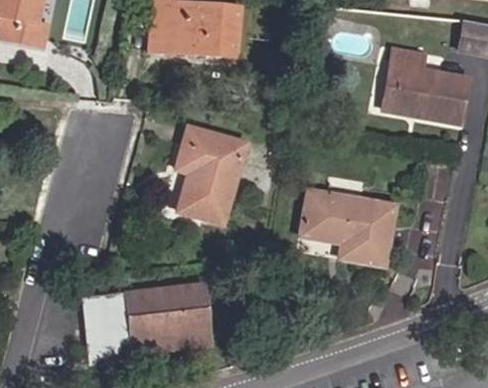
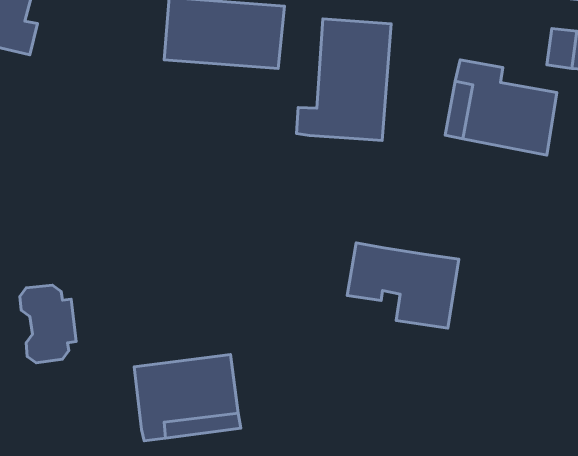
building: none -> [296,19,391,140]
building: [179,126,248,222] -> none
building: [88,302,133,364] -> [20,285,76,363]

